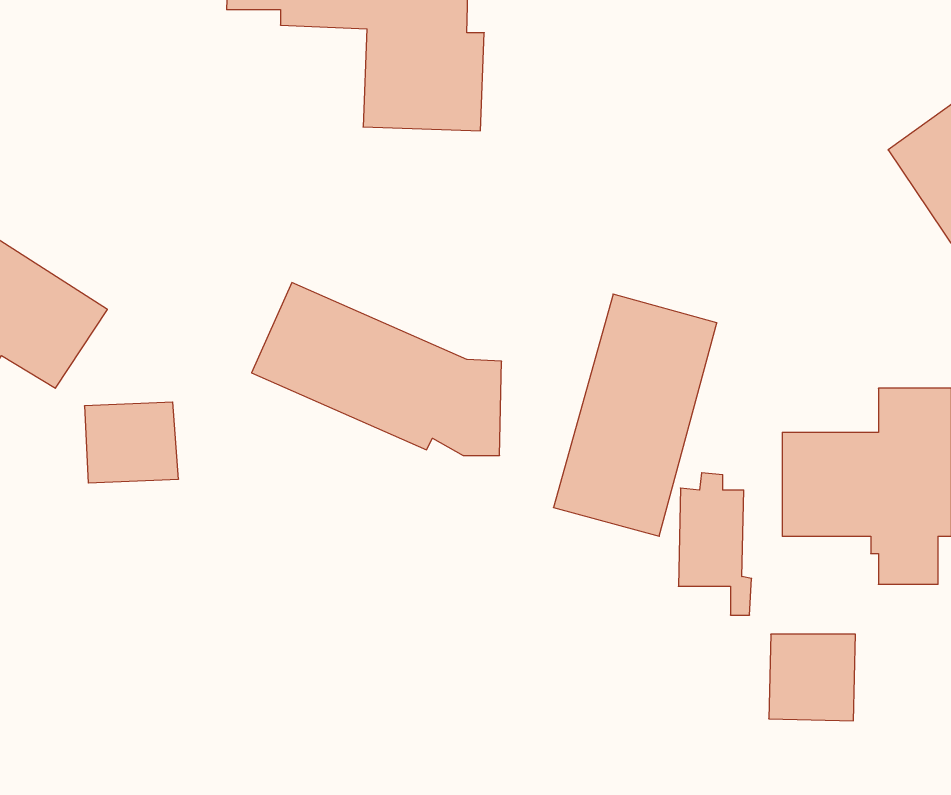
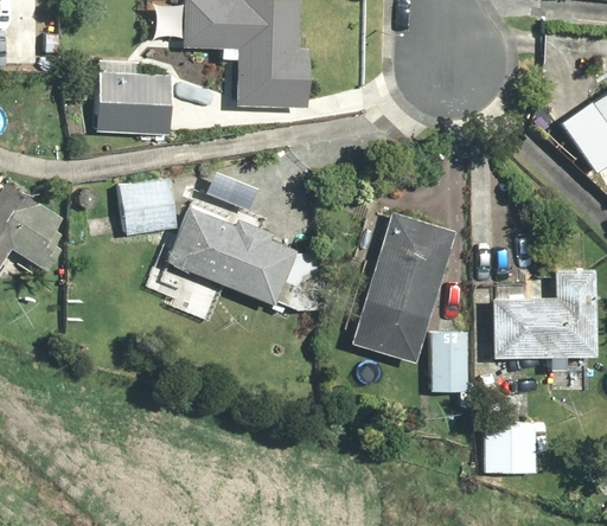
building: none -> [97,62,181,135]
building: [84,402,179,483] -> [120,182,178,232]

